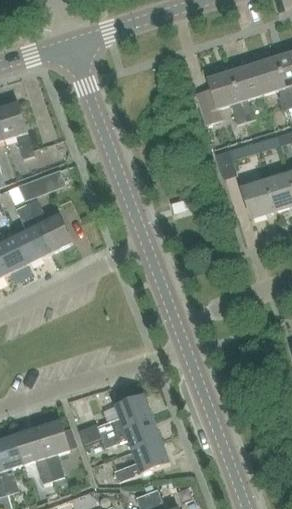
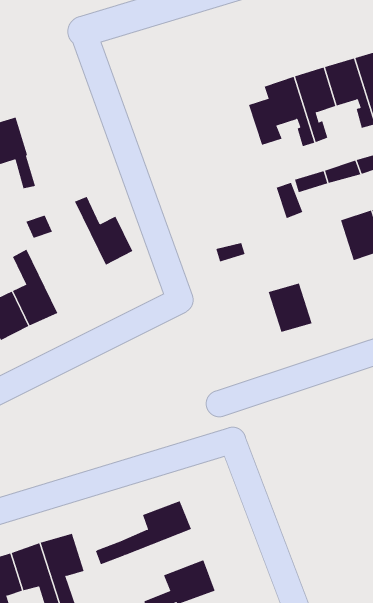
building: [242,180,276,218] -> [268,283,312,333]
building: [27,198,72,251] -> [74,196,133,266]
building: [102,416,162,451] -> none

